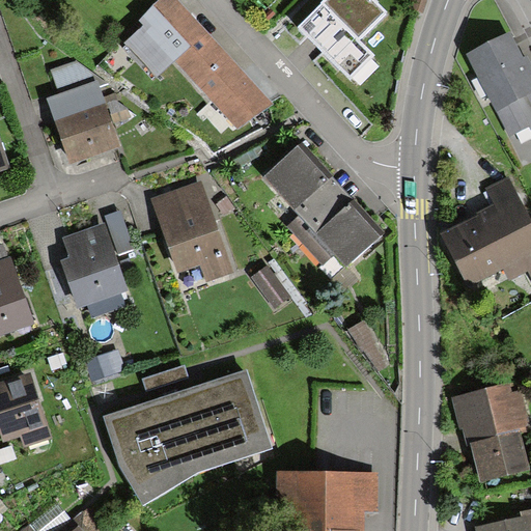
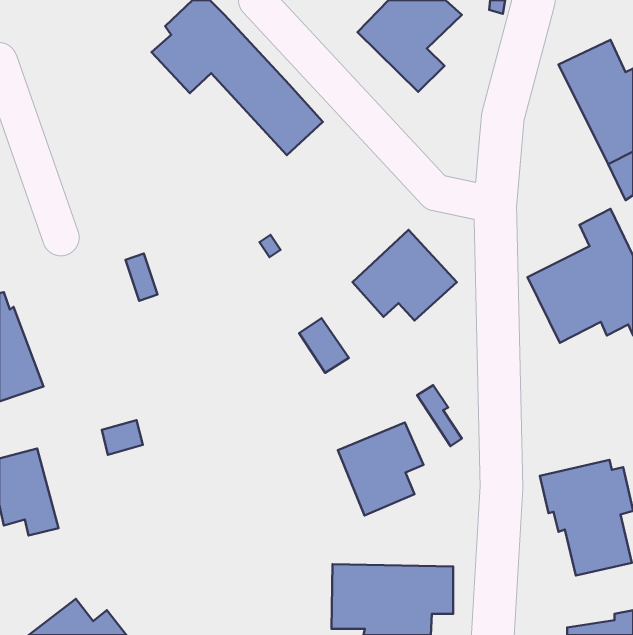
building: [48,63,118,162] -> none
building: [263,146,341,235] -> none
building: [151,181,232,281] -> none
building: [62,223,127,315] -> none
building: none -> [338,422,423,515]
building: [105,368,270,501] -> none

